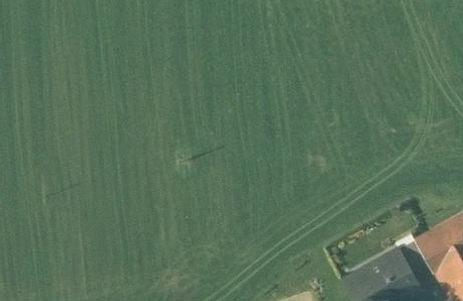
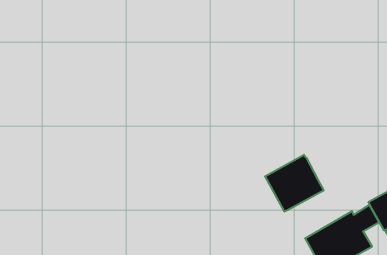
building: none -> [265,155,323,212]

